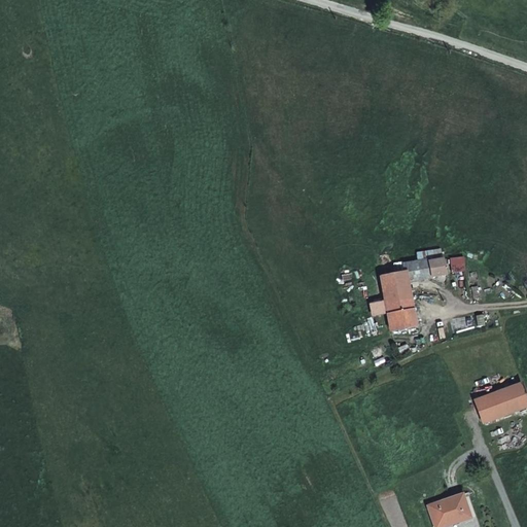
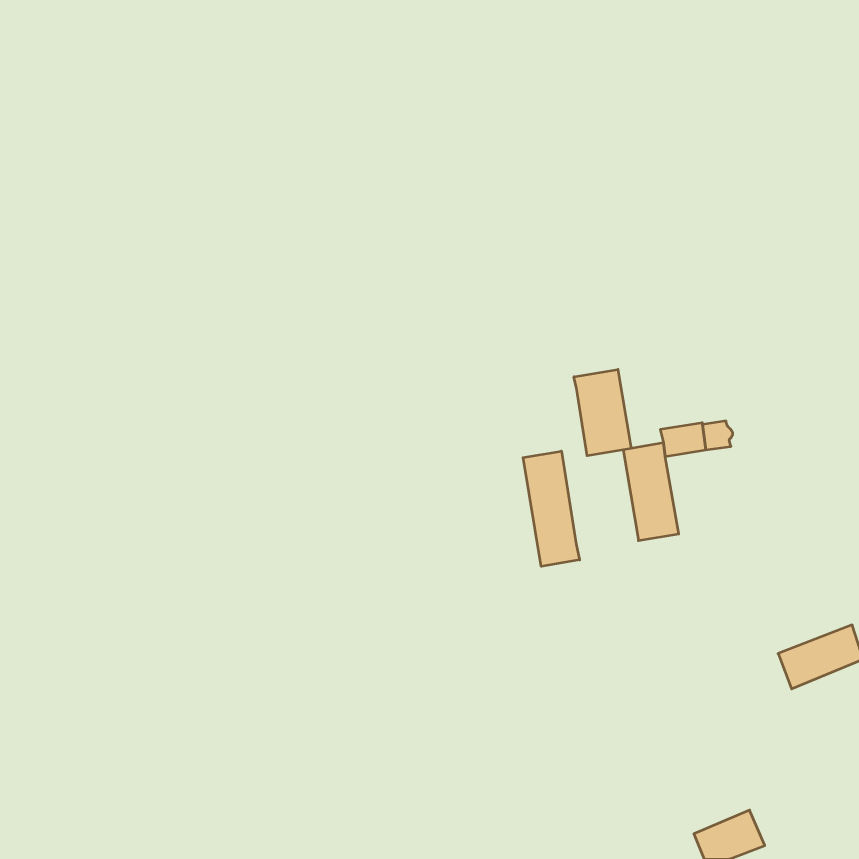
building: none -> [574,369,631,456]
building: none -> [523,451,580,566]

